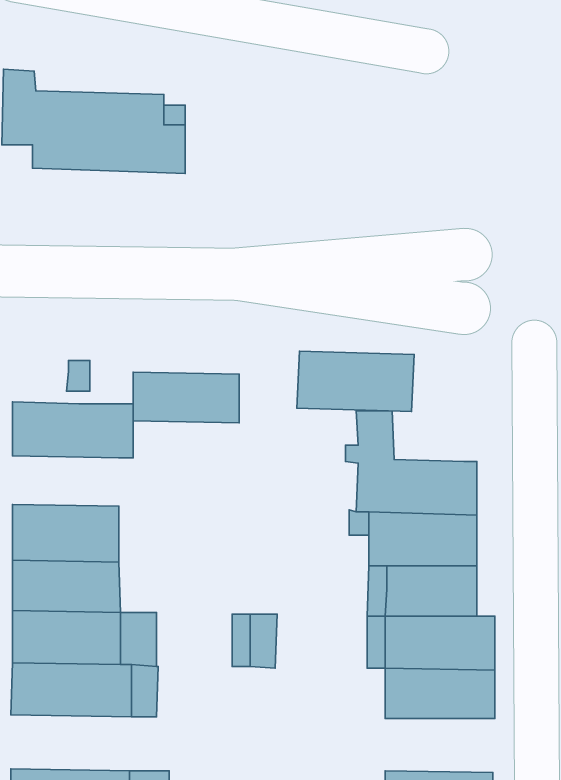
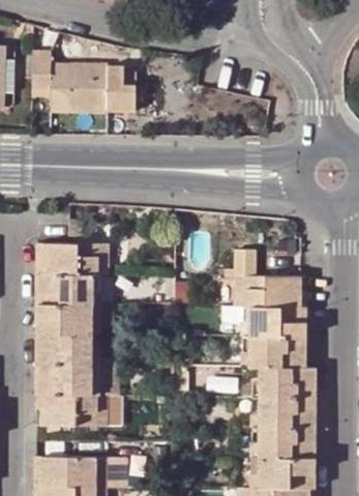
building: [297,351,414,412] -> none
building: [133,372,239,423] -> [36,275,97,304]
building: none -> [250,427,313,458]

